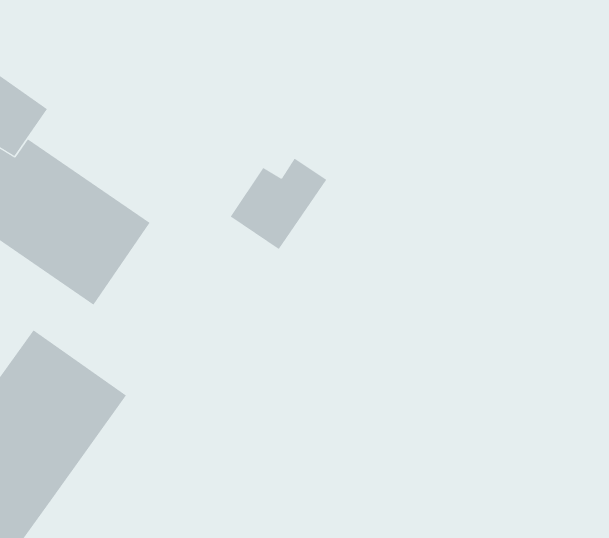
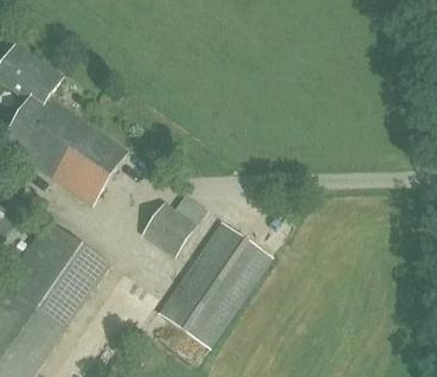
building: [230,158,327,250] -> [143,196,206,255]
building: none -> [160,222,271,346]

